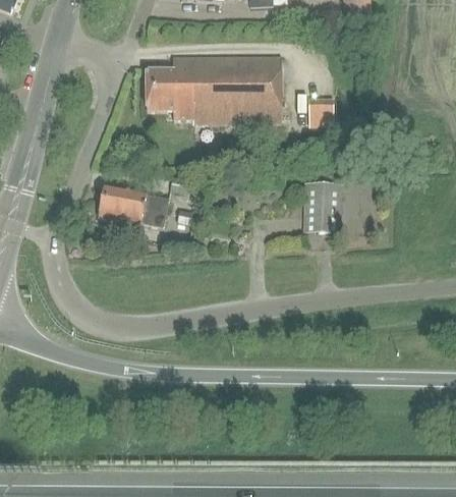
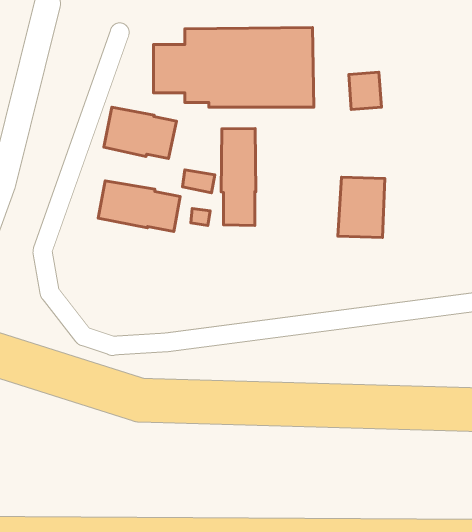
building: none -> [104,107,176,158]
building: none -> [221,129,256,225]

